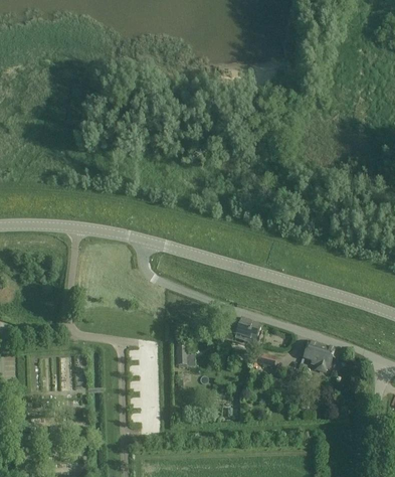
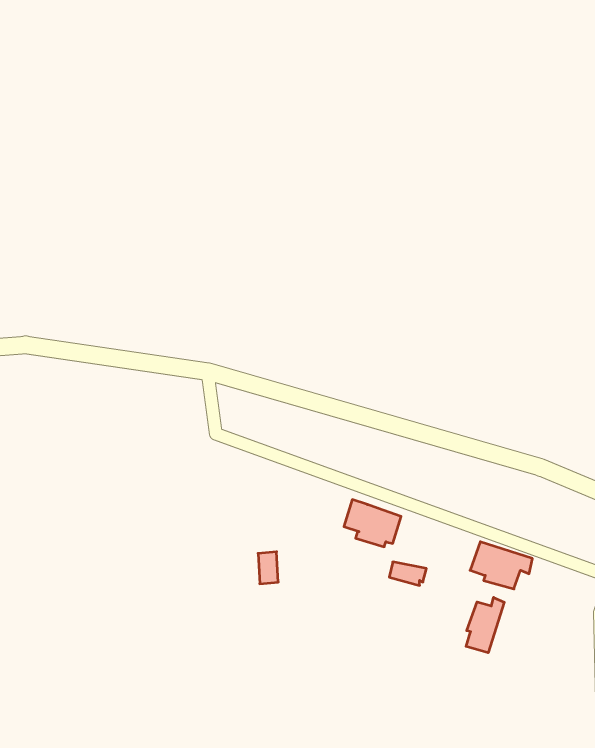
building: none -> [466,597,504,653]

